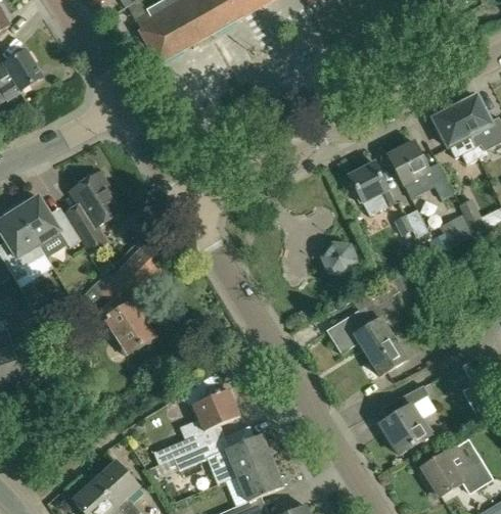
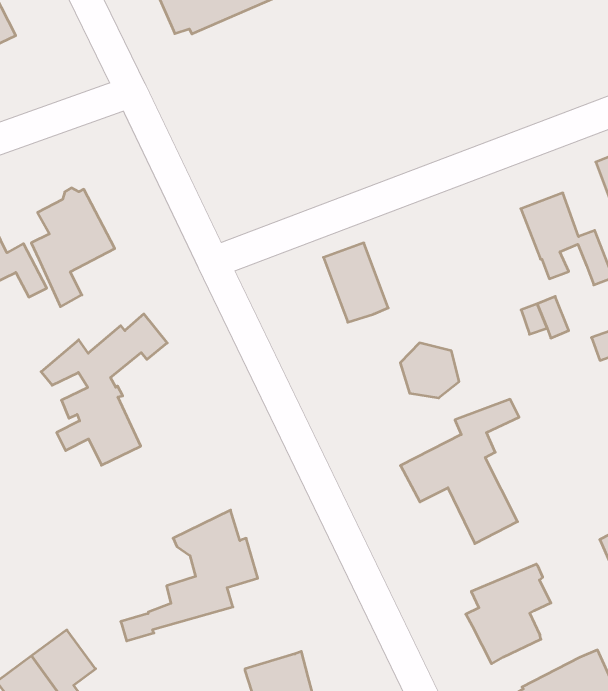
building: [348,162,394,216] -> [323,243,388,322]
building: [174,434,273,484] -> none

